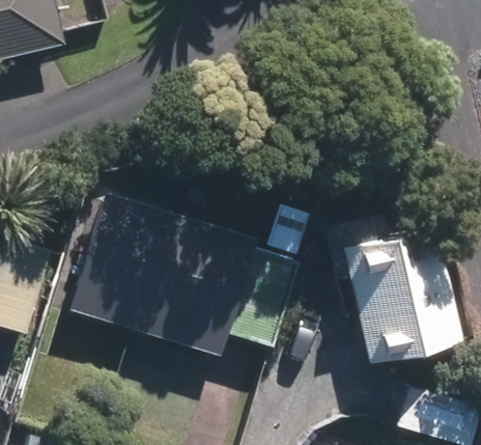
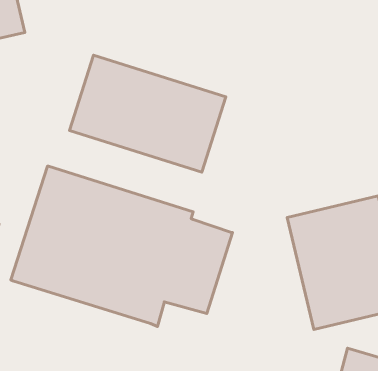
building: none -> [70,55,226,172]

